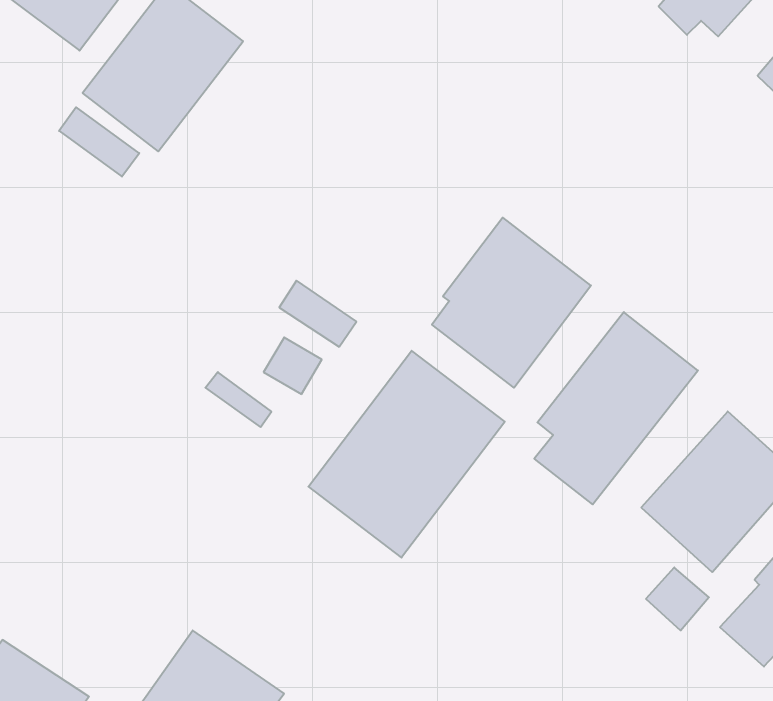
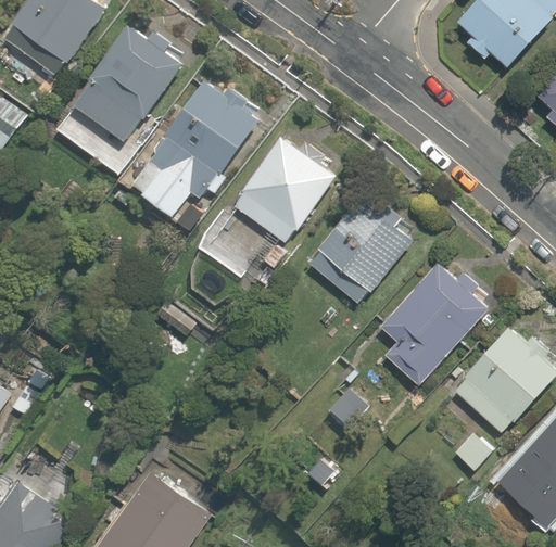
building: none -> [124,75,260,217]
building: none -> [231,135,340,245]
building: [308,351,505,558] -> none

